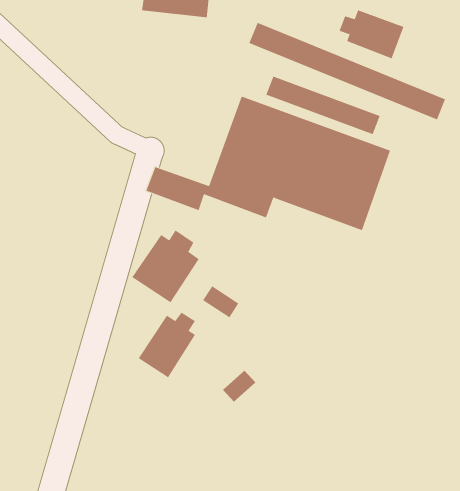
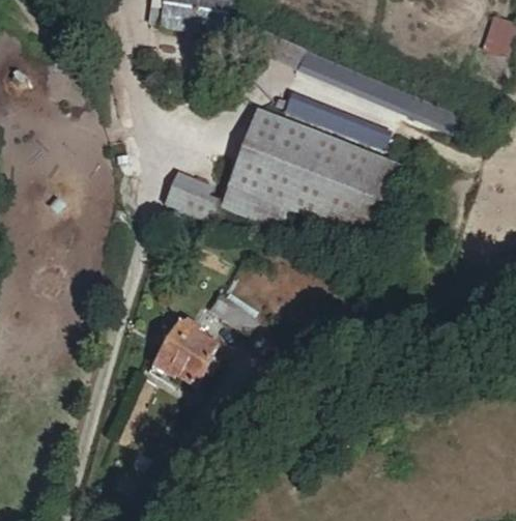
building: [339,10,404,59] -> none
building: [131,230,200,303] -> none

